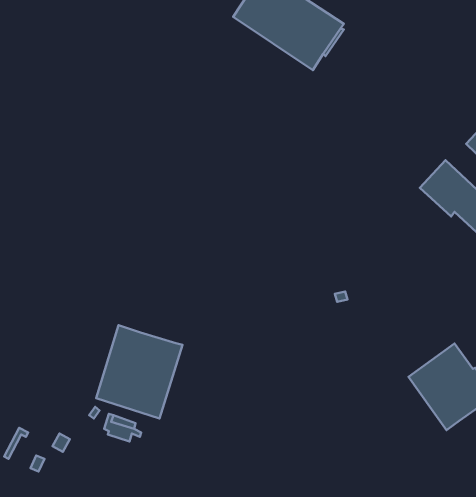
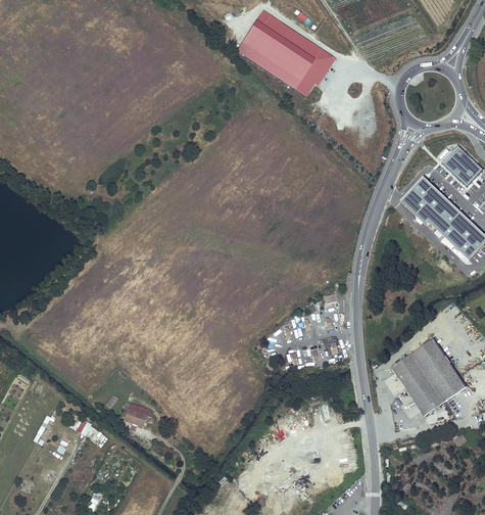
building: [96,325,183,418] -> none

